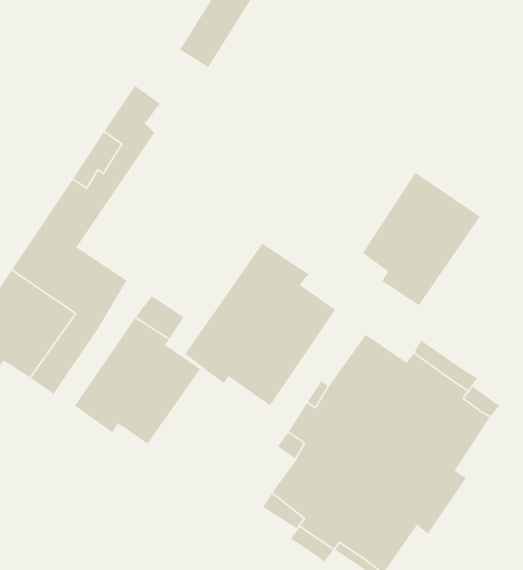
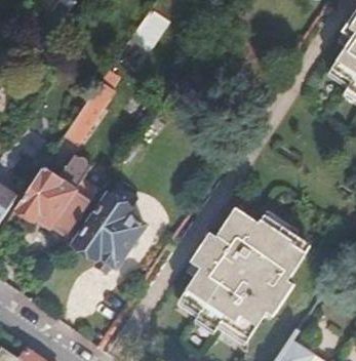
building: [362,172,481,306] -> none
building: [184,242,336,406] -> none

